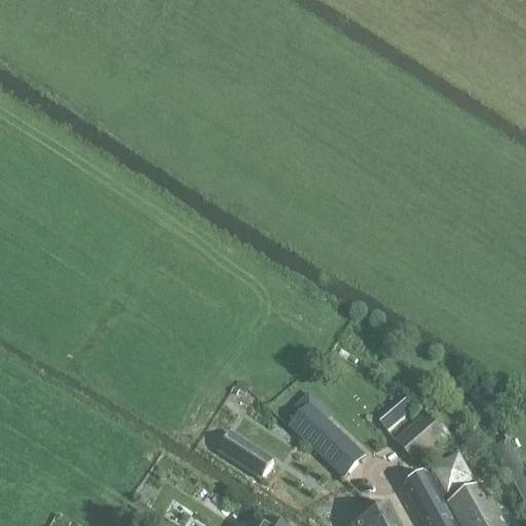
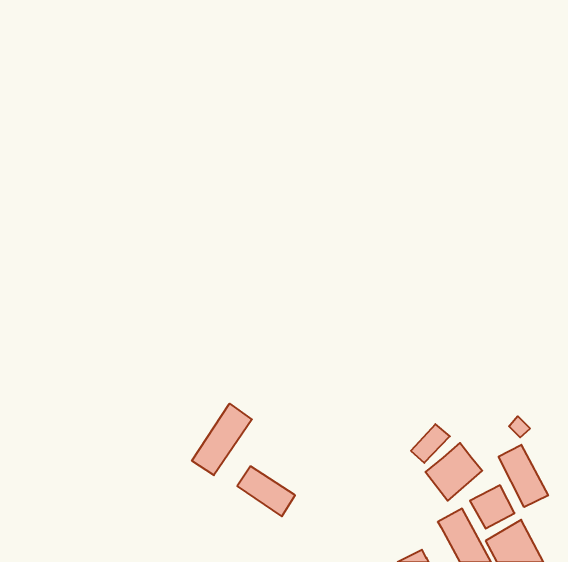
building: none -> [192,404,252,475]
building: [288,401,364,476] -> none
building: none -> [499,445,548,507]

